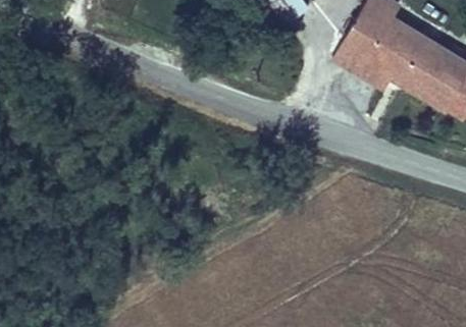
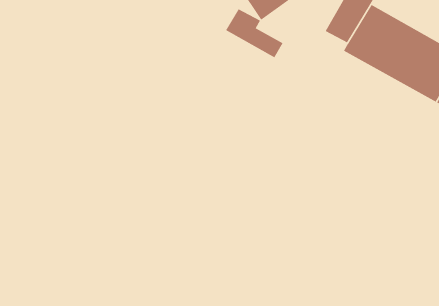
building: [333,42,389,89] -> [225,9,284,58]

